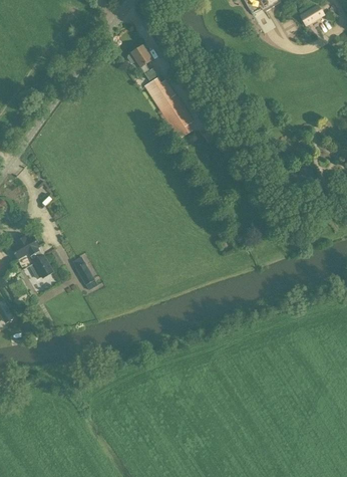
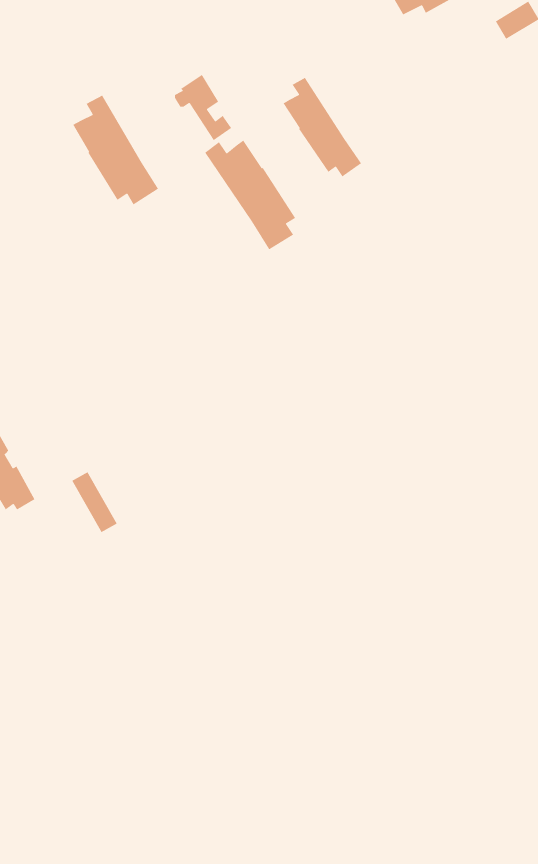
building: none -> [282,77,363,178]
building: none -> [72,94,160,205]

